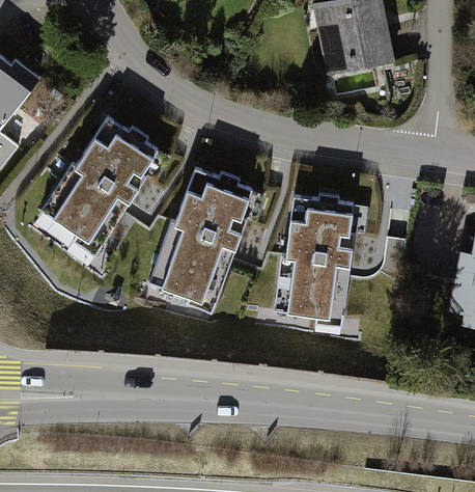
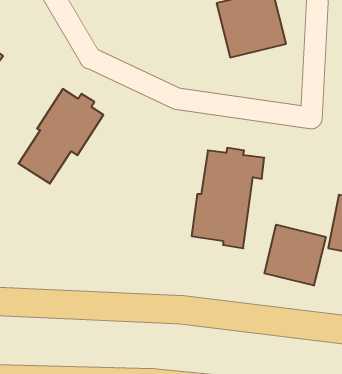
building: [153,168,256,304] -> none
building: none -> [264,225,326,286]

